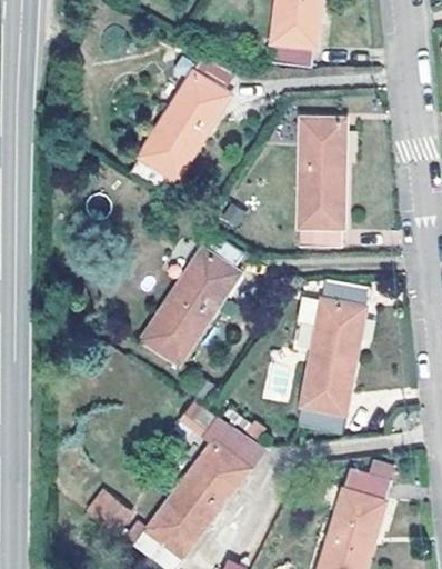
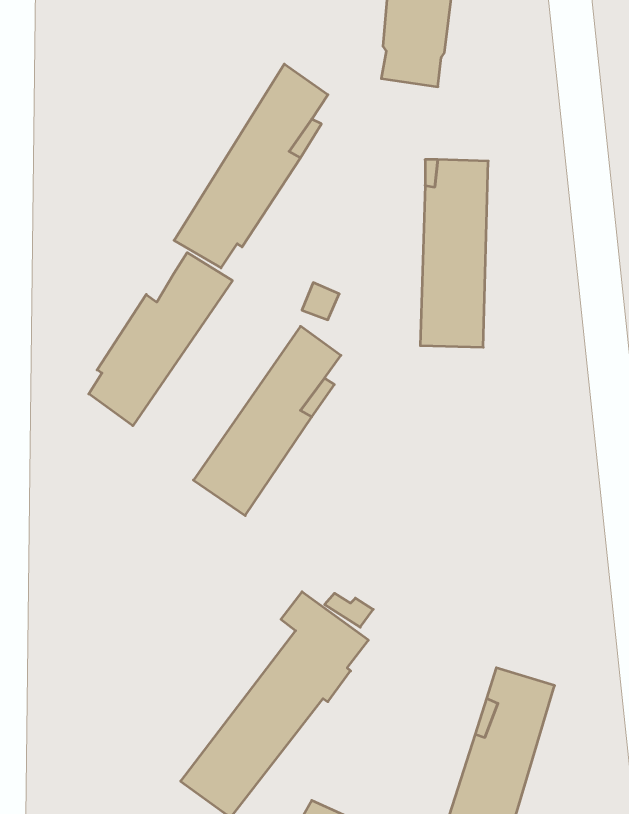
building: none -> [89,253,232,426]
building: [298,278,369,431] -> none
building: [82,487,132,536] -> none

